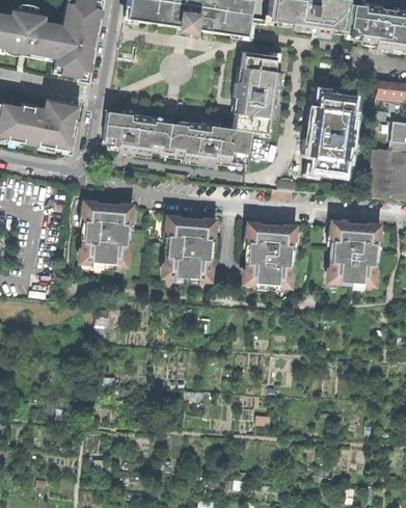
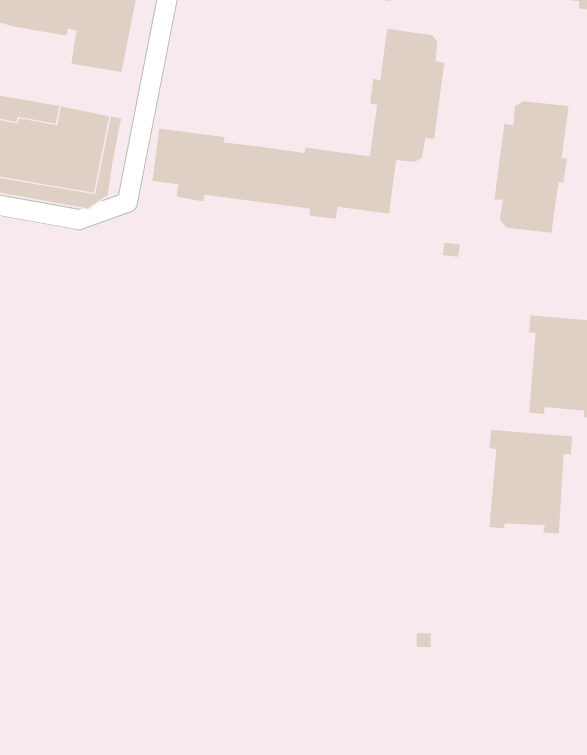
building: [81,203,133,265] -> none
building: [164,217,216,280] -> none
building: [245,223,296,287] -> [489,429,573,534]

